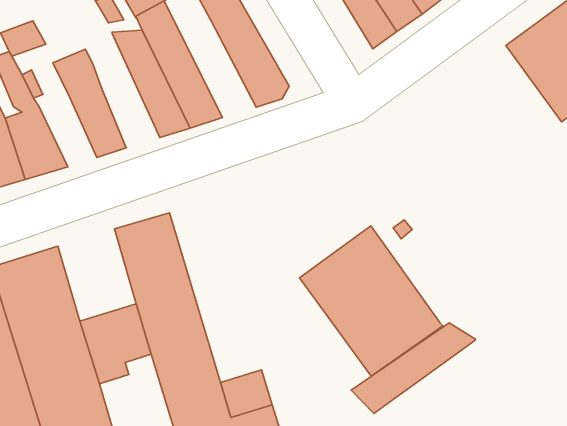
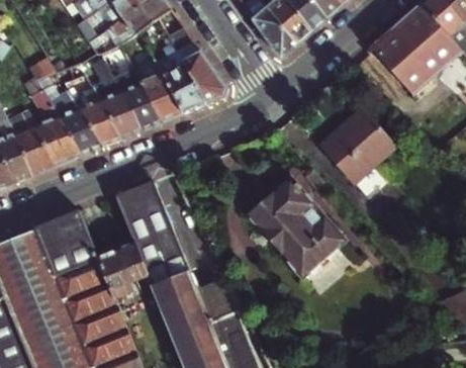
building: none -> [151,48,205,112]
building: none -> [92,62,142,139]
building: none -> [58,107,100,155]
building: none -> [320,108,396,200]
building: [351,323,475,414] -> none

